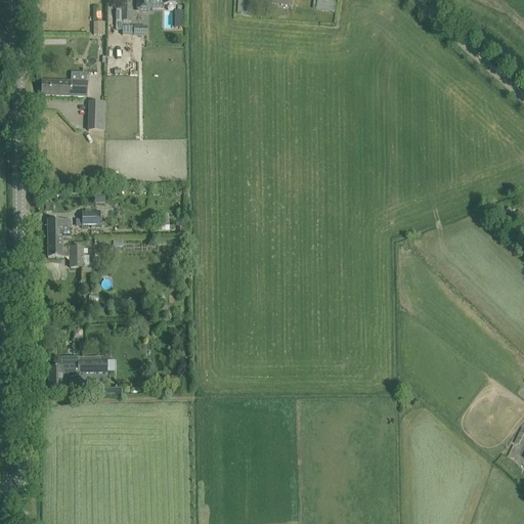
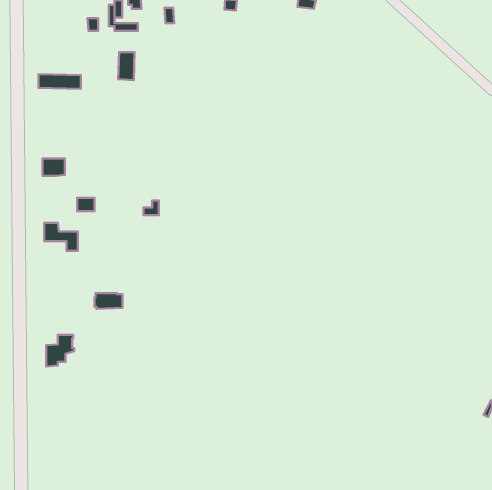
building: [88,100,105,130] -> [118,52,135,80]
building: [47,218,71,236] -> [43,159,65,176]
building: [77,355,106,372] -> [95,293,122,309]

